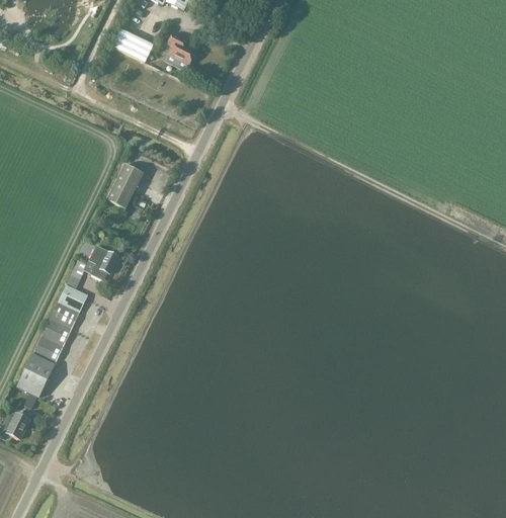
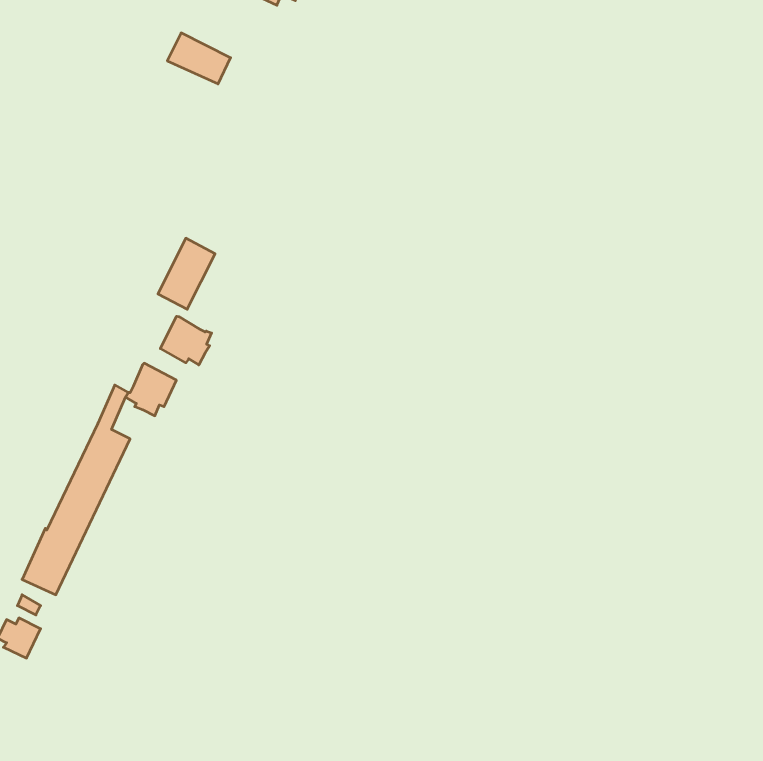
building: [167,32,195,63] -> none
building: none -> [160,316,212,365]

